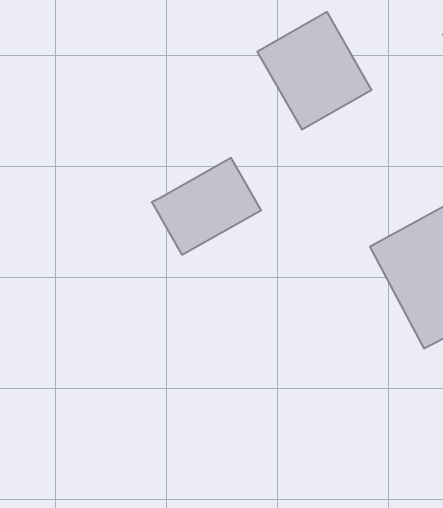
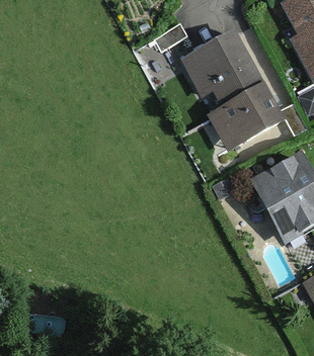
building: [152,158,261,255] -> [205,82,274,144]

